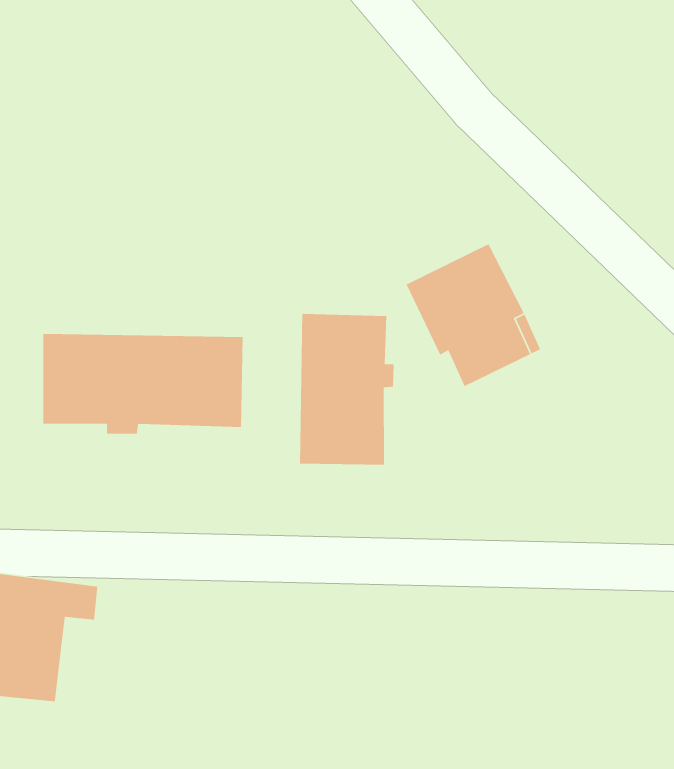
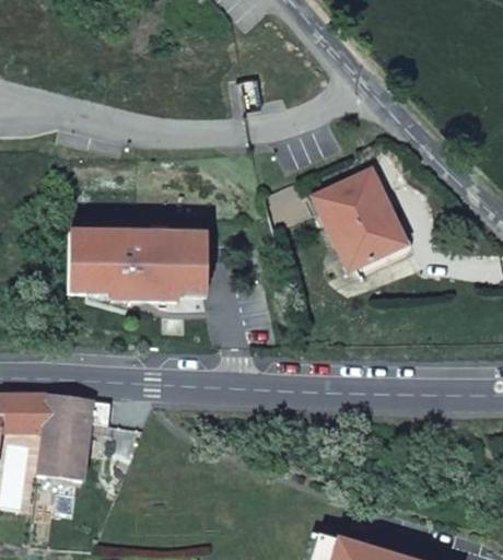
building: [299,313,395,465] -> none

